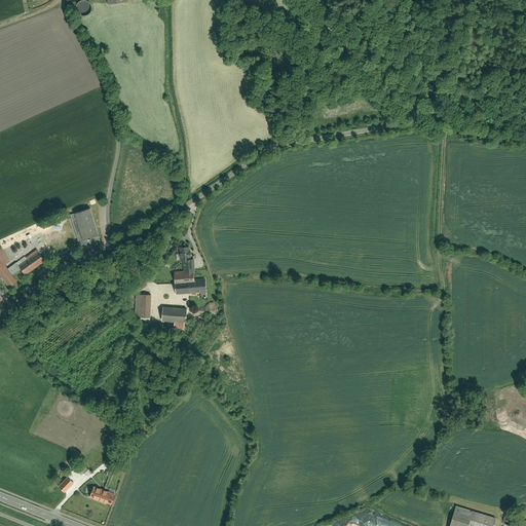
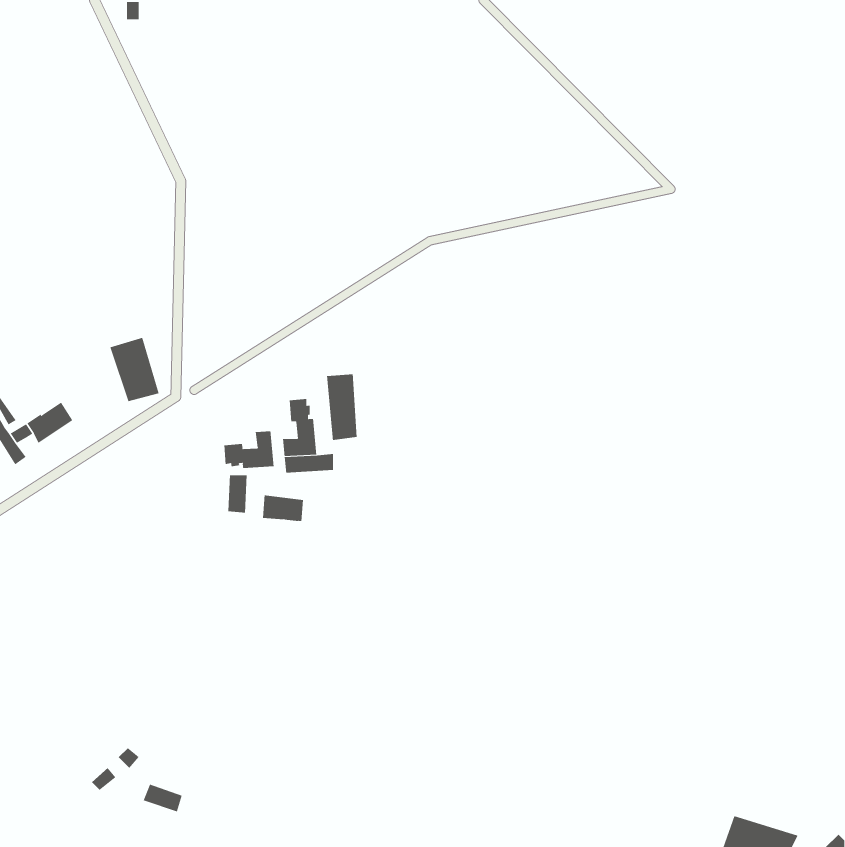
building: none -> [327,373,357,441]
building: none -> [224,430,274,469]

